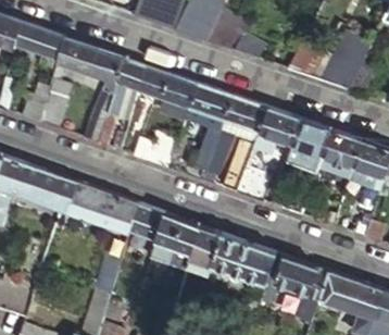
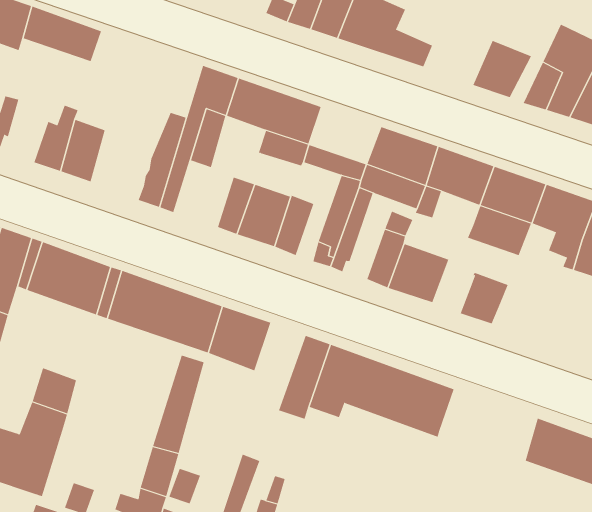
building: [57,37,124,89] -> none
building: [188,83,231,117] -> none
building: [150,213,186,266] -> none
building: [267,253,326,322] -> none

